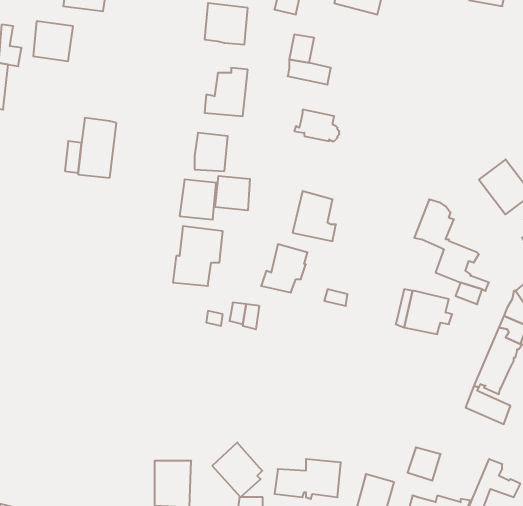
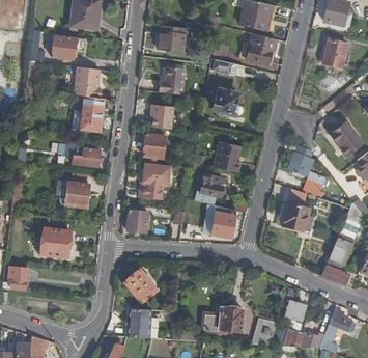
building: none -> [247,33,277,64]
building: none -> [322,38,347,67]
building: none -> [75,66,102,97]
building: [215,176,250,210] -> none
building: none -> [65,141,102,166]
building: none -> [56,180,89,206]
building: none -> [126,209,149,232]
building: none -> [211,211,235,238]
building: none -> [40,227,70,256]
building: [212,442,262,497] -> [123,267,154,301]

